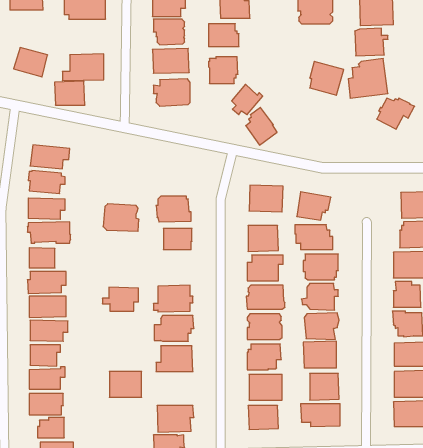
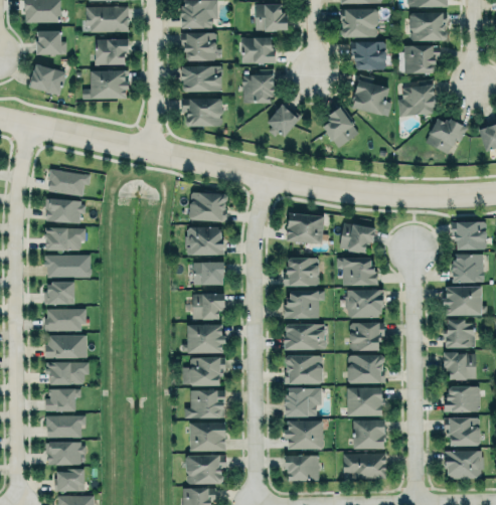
building: none -> [36,31,66,55]
building: none -> [347,39,385,67]
building: [55,81,85,105] -> [95,39,128,65]
building: [246,107,277,145] -> [324,107,358,148]
building: [103,204,139,231] -> [189,191,228,221]
building: [102,287,138,311] -> [185,294,224,320]
building: [109,371,142,397] -> [190,423,225,451]

